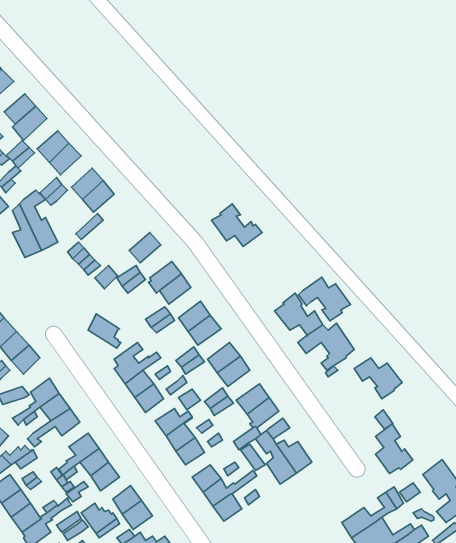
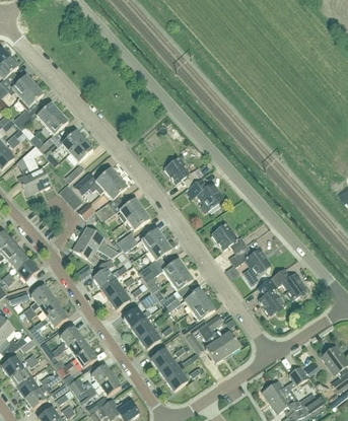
building: none -> [75,168,120,195]
building: [298,277,351,321] -> [186,178,224,210]
building: none -> [80,226,120,258]
building: [376,424,413,473] -> [259,278,286,314]

